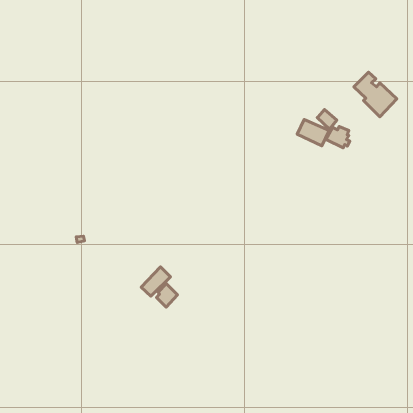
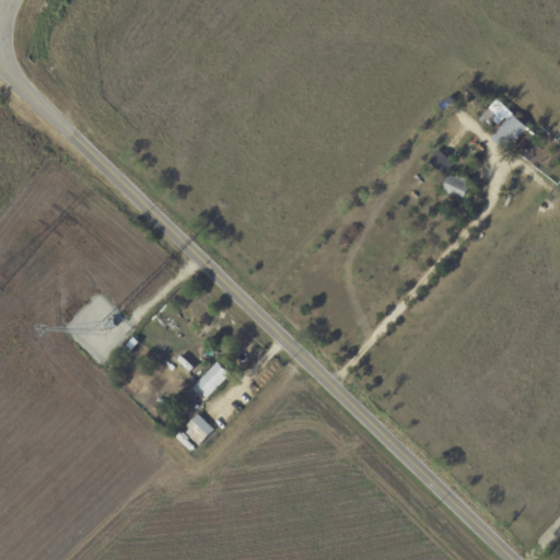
building: [297,119,329,146] -> none
building: [156,284,177,307] -> [184,412,212,444]

